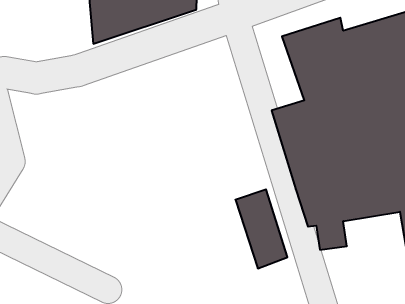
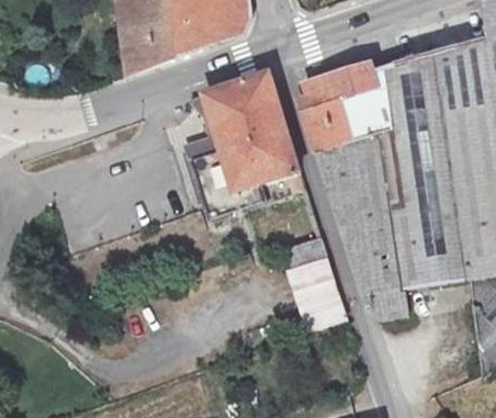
building: none -> [312,65,364,152]
building: none -> [196,71,316,217]

